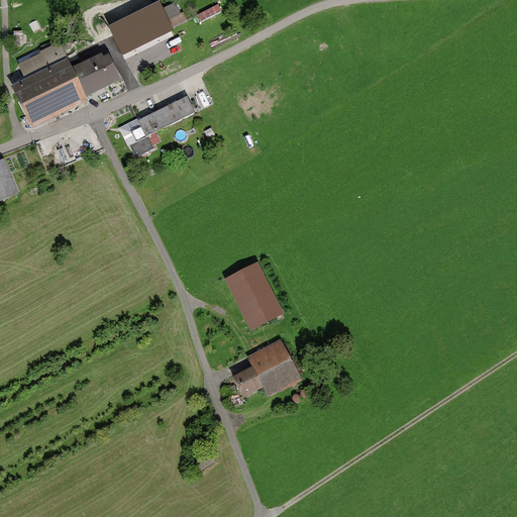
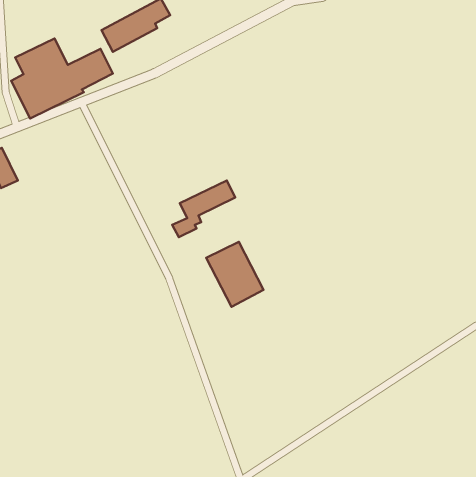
building: [124,96,192,157] -> [172,181,235,237]
building: [233,337,300,396] -> none

